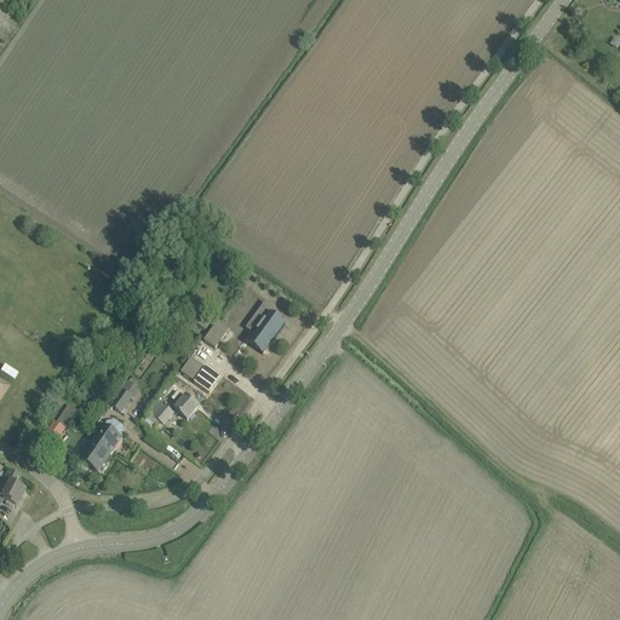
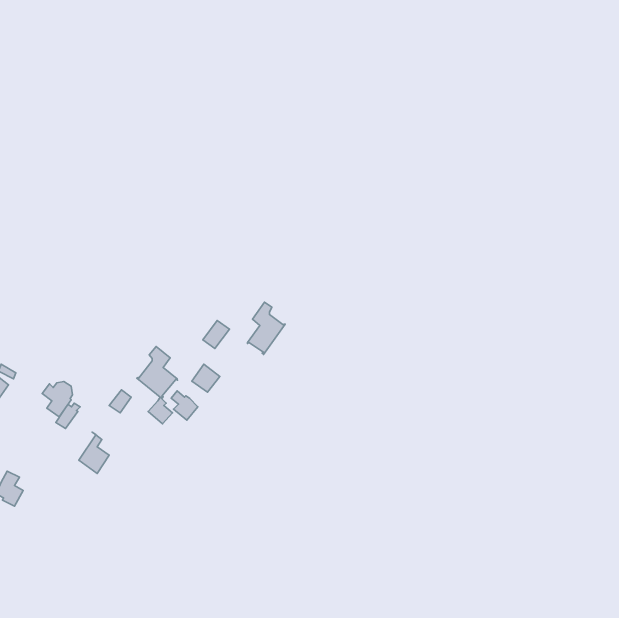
building: none -> [137,346,177,398]
building: [92,419,122,454] -> [42,381,72,417]

